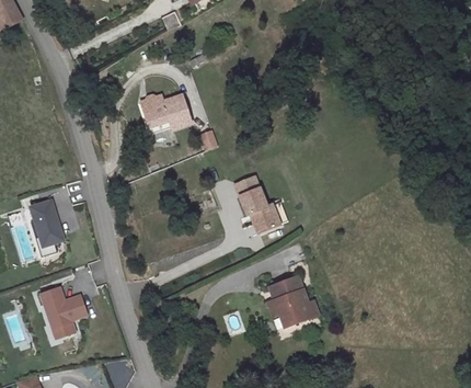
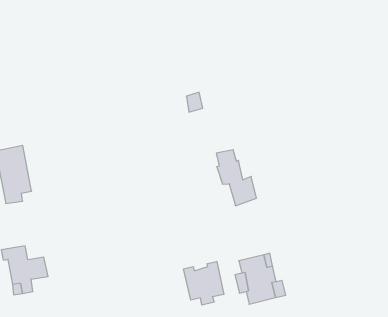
building: [139,87,192,128] -> none
building: none -> [184,261,224,305]

